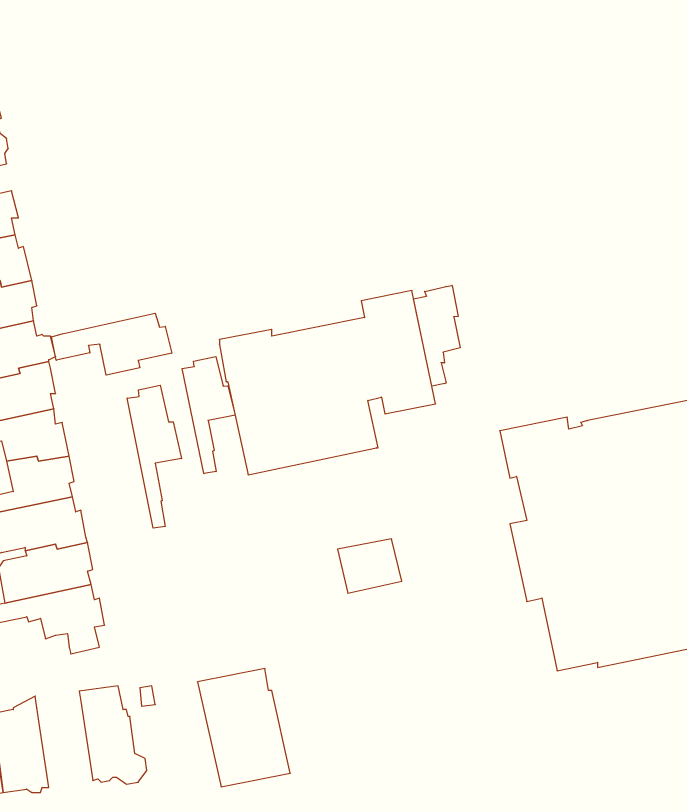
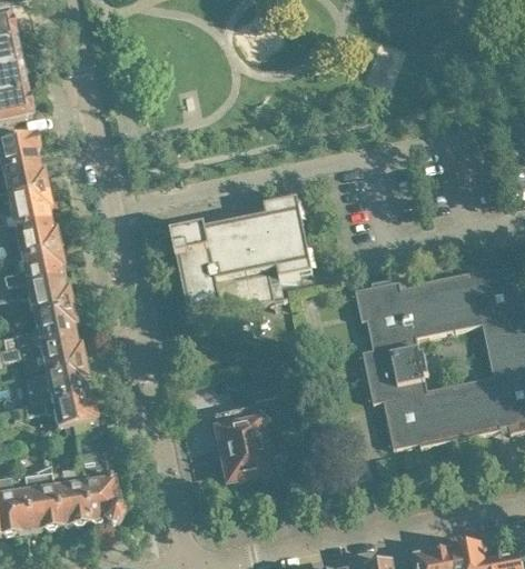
building: [414,285,460,386] -> none
building: [51,313,172,375] -> none
building: [182,357,235,474] -> none
building: [127,385,182,528] -> none
building: [197,668,290,787] -> [215,403,276,481]
building: none -> [51,468,88,525]

